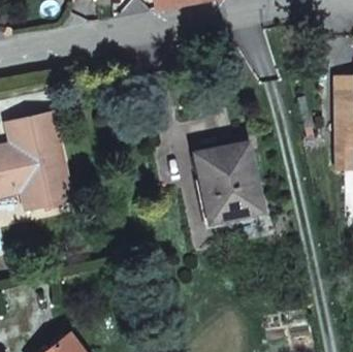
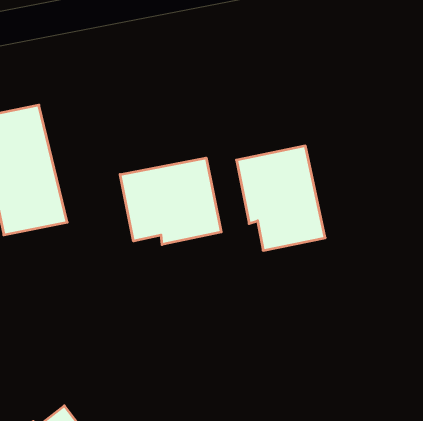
building: none -> [120,158,221,245]

